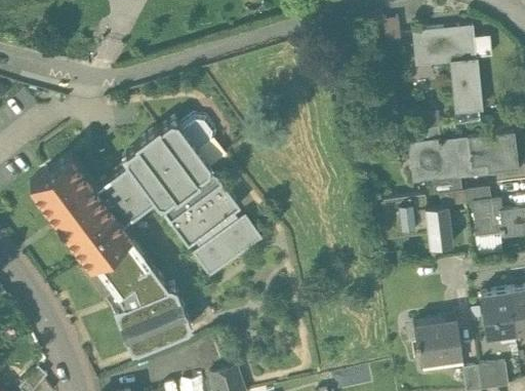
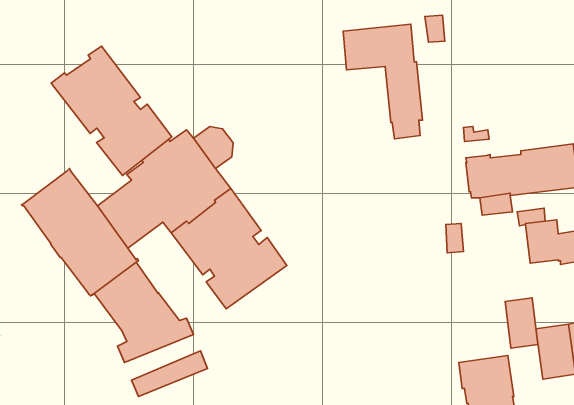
building: [413,26,483,126] -> [343,24,422,139]
building: none -> [51,46,172,176]
building: [425,205,453,249] -> [505,298,538,348]
building: [119,299,187,339] -> none

